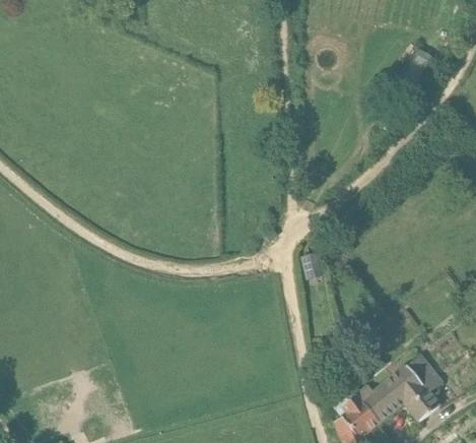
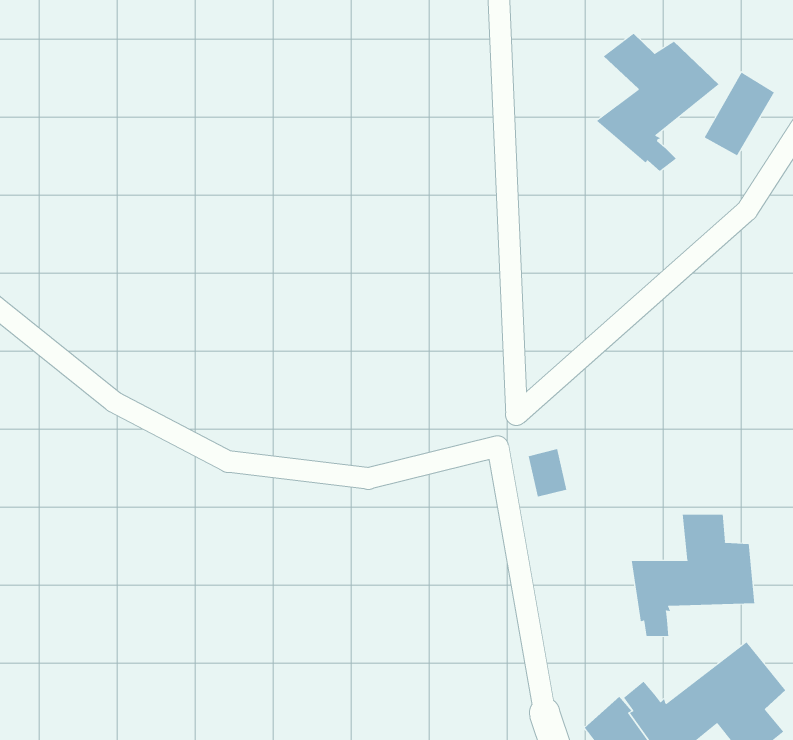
building: none -> [596,33,720,172]
building: none -> [631,514,755,637]

